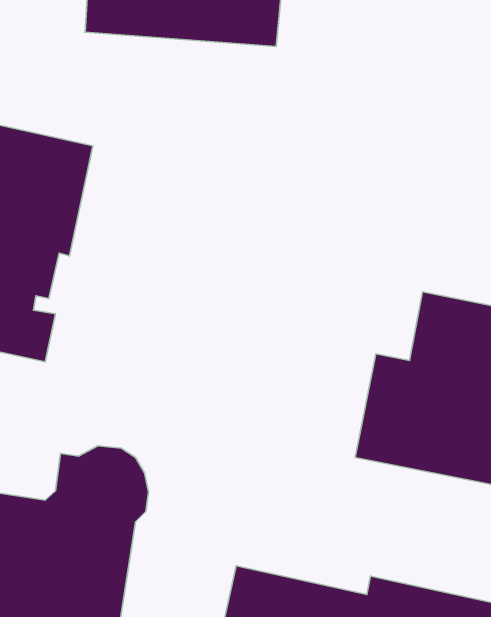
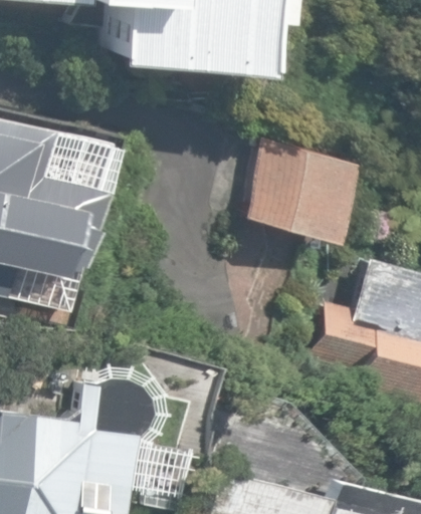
building: none -> [239,140,346,236]

